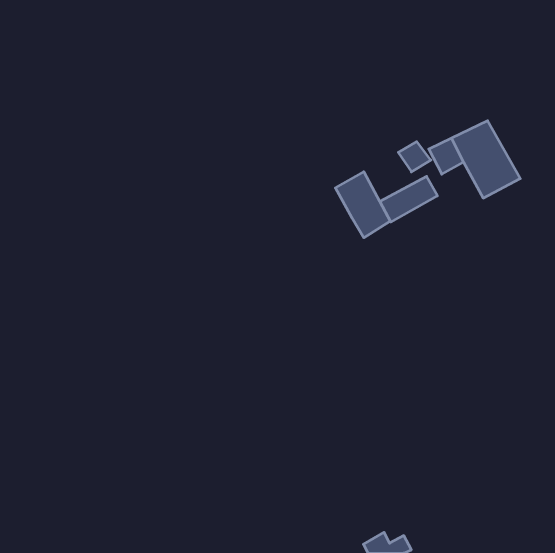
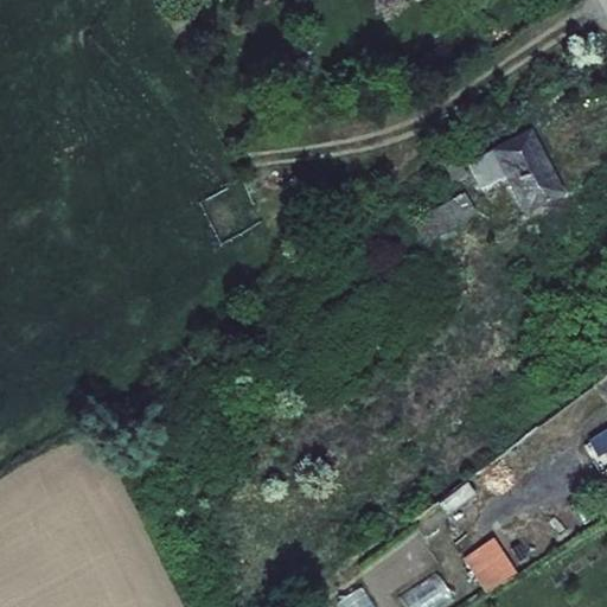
building: [335,172,390,238] -> none
building: none -> [461,535,518,593]

